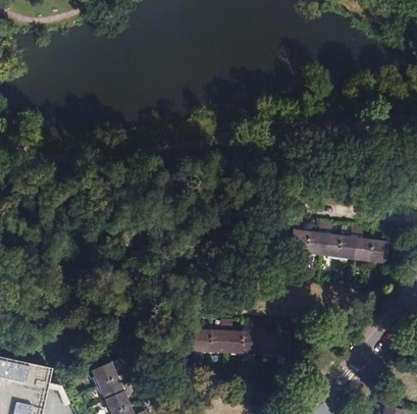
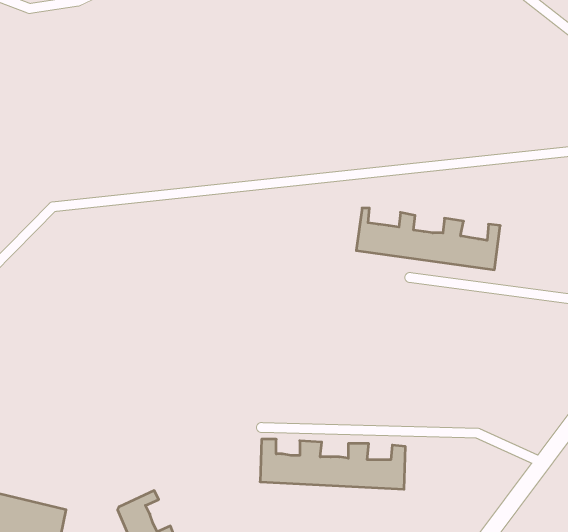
building: [289,219,388,262] -> [356,208,500,270]

